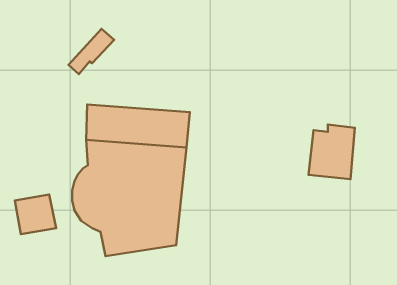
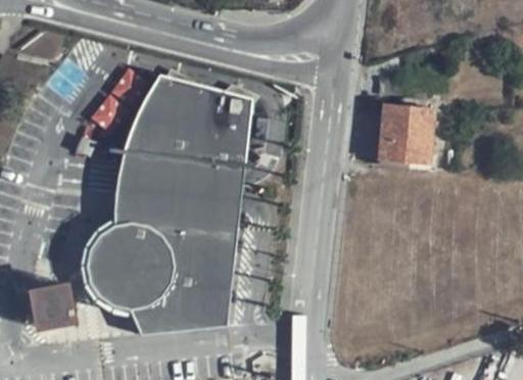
building: none -> [108,83,249,167]
building: [309,124,355,179] -> [379,94,435,160]

